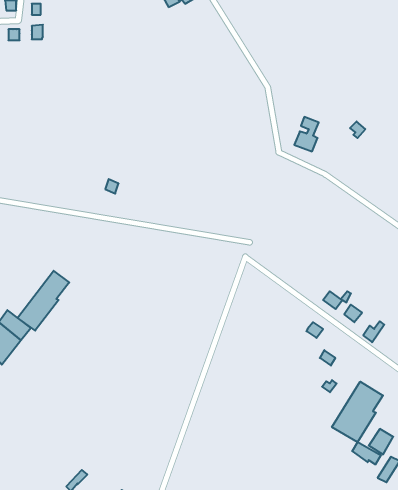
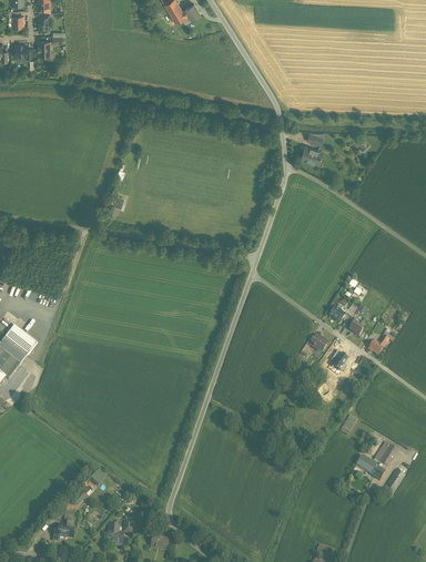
building: [17,271,69,331] -> none
building: [332,382,383,442] -> none

